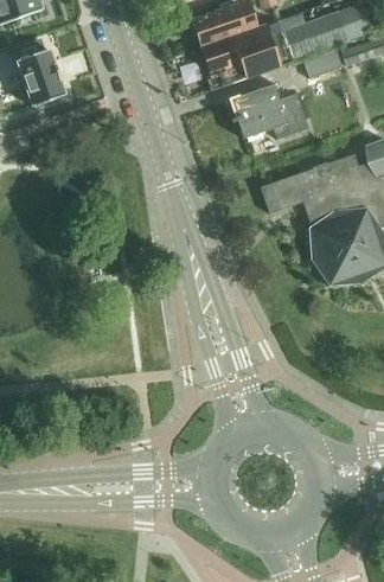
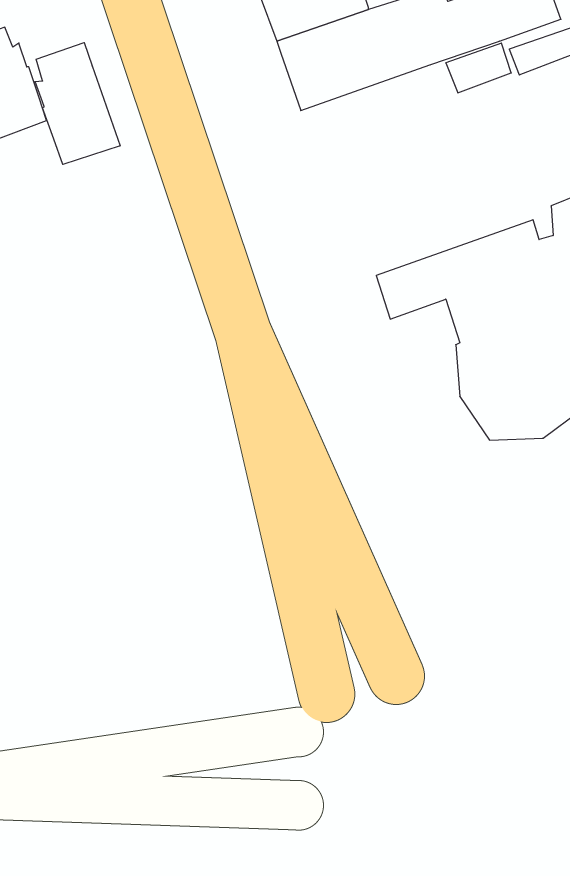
building: none -> [35,43,120,164]
building: [229,83,307,139] -> none

